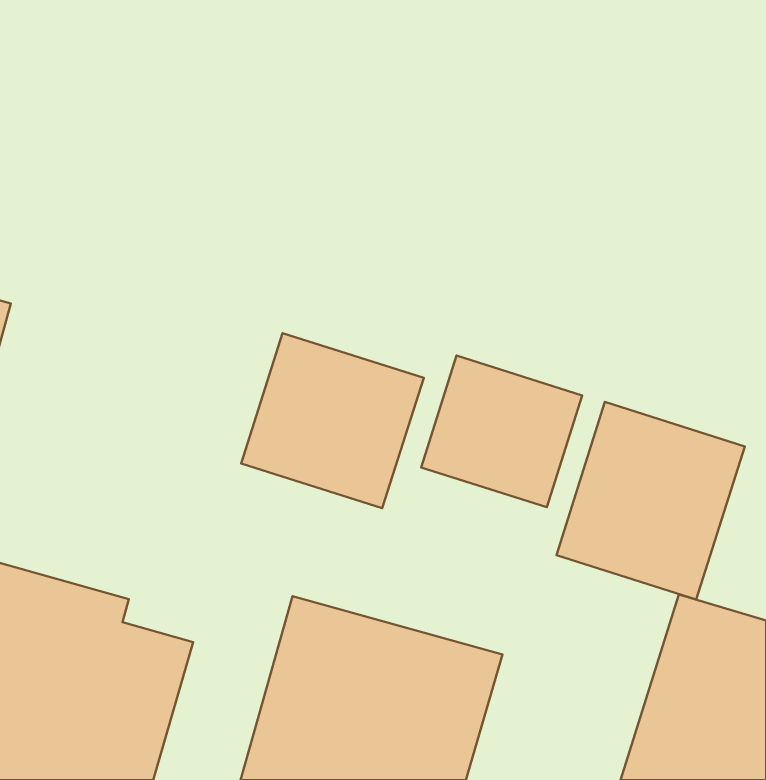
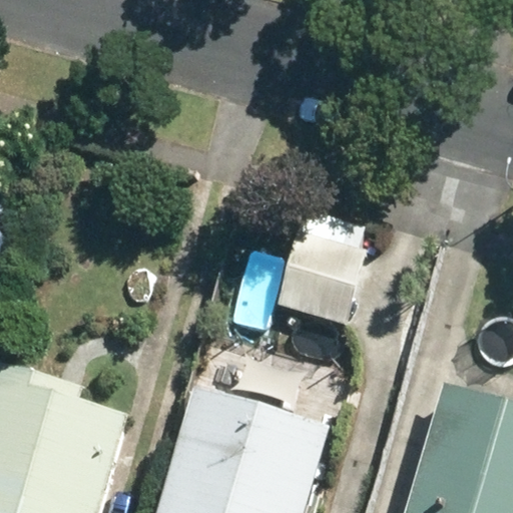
building: [241,333,424,508] -> none
building: [556,402,745,600] -> none

